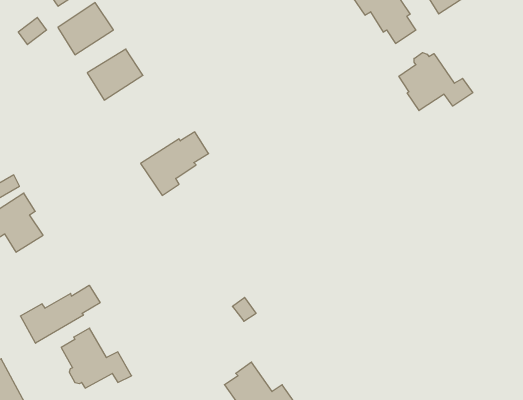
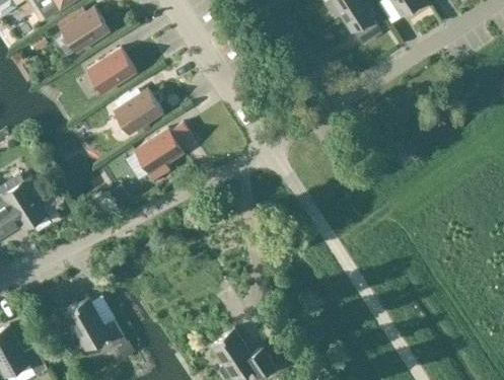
building: [399,53,473,111] -> none
building: none -> [113,89,162,135]
building: [20,285,100,343] -> none

